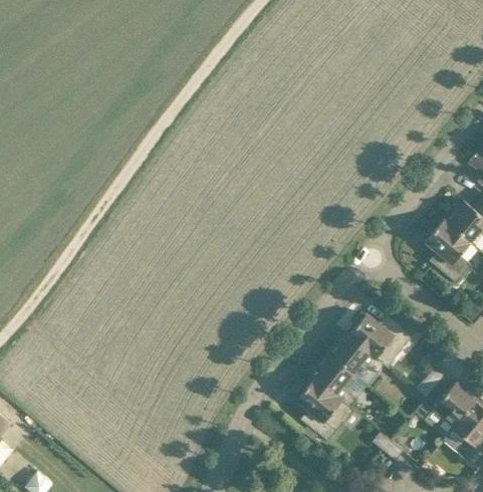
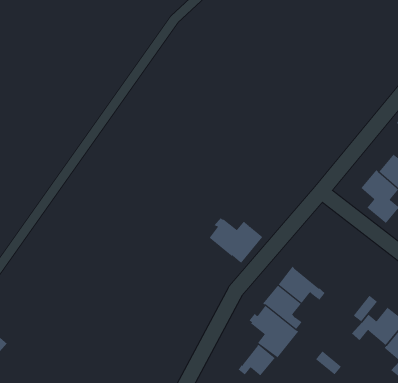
building: [347,311,412,365] -> [208,217,263,264]
building: none -> [238,344,275,377]

